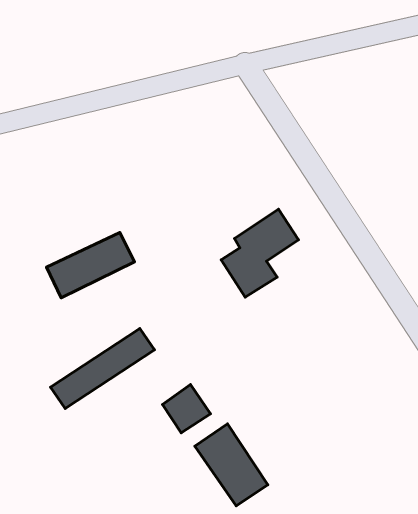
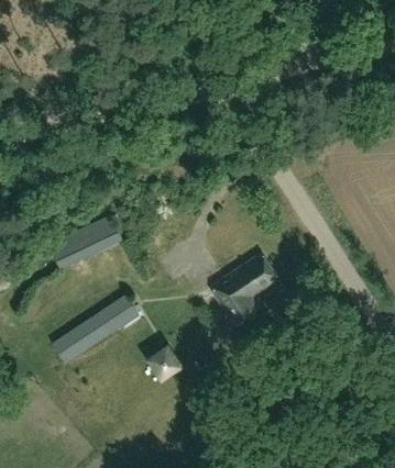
building: [221,209,298,297] -> [213,253,277,325]
building: [195,424,268,506] -> none

